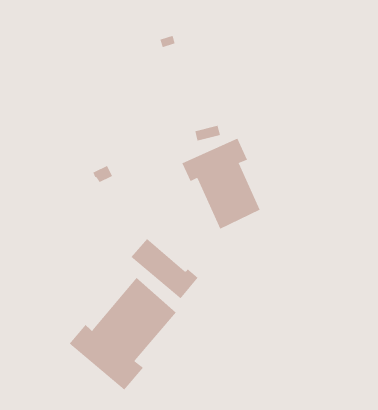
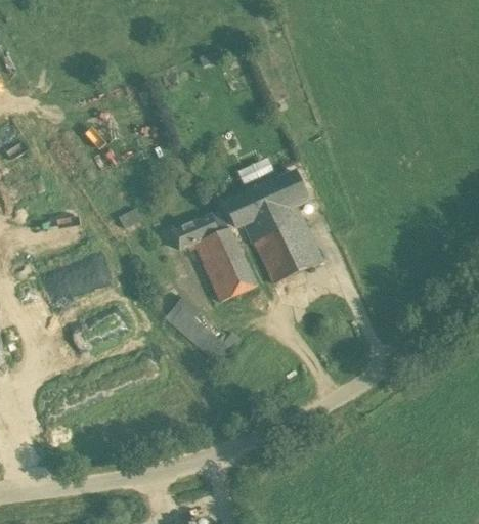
building: none -> [172,210,257,303]
building: [69,277,176,390] -> none

